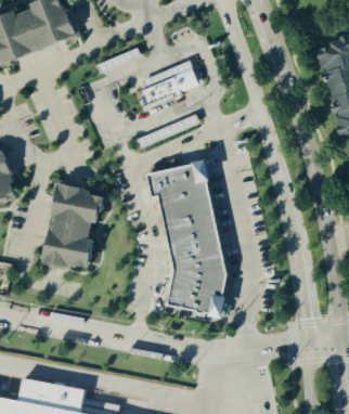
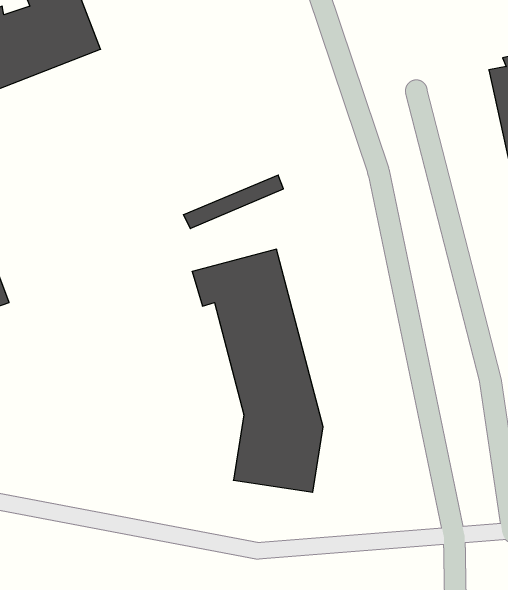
building: [142,61,202,104] -> none
building: [50,183,108,269] -> none

